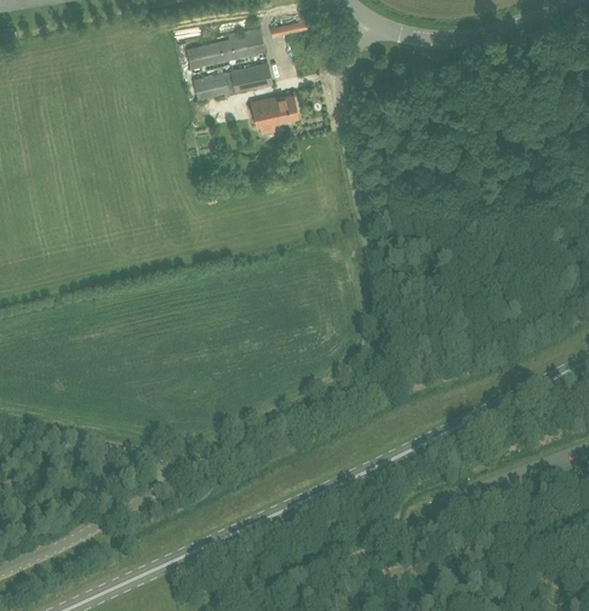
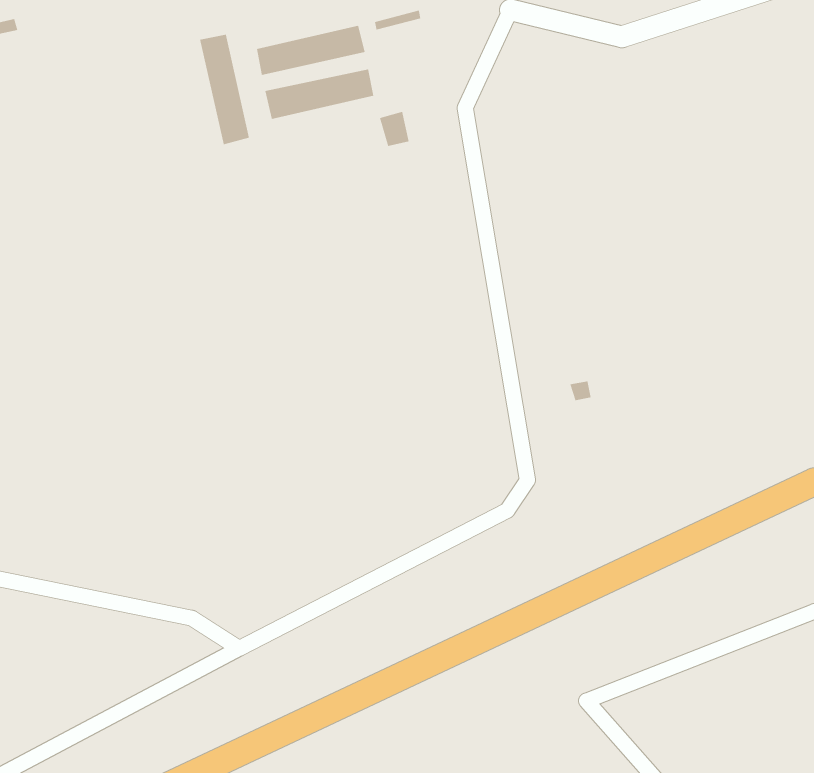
building: none -> [200,34,249,145]
building: [251,95,281,126] -> none

